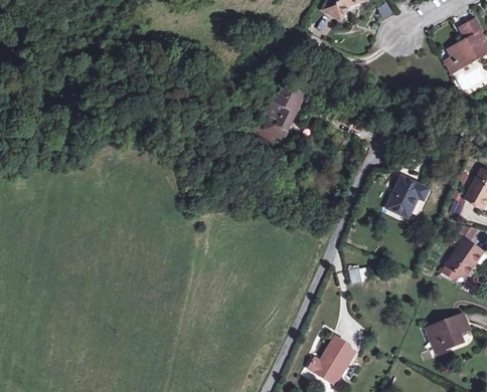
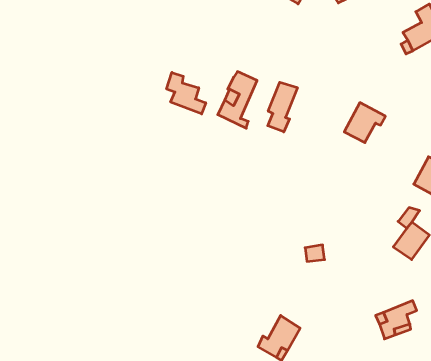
building: none -> [167,72,206,114]
building: none -> [268,82,297,132]
building: [384,181,427,222] -> [344,103,385,143]

